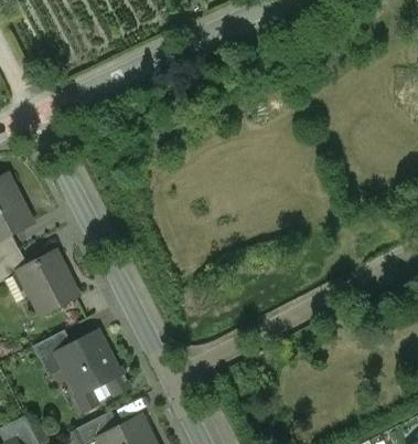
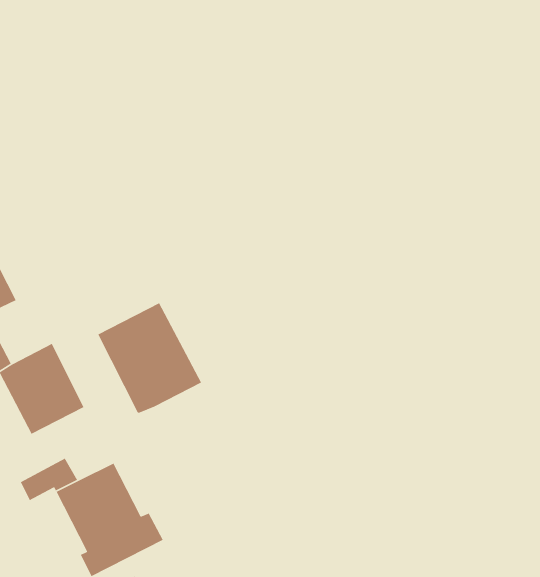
building: none -> [97,302,202,414]

